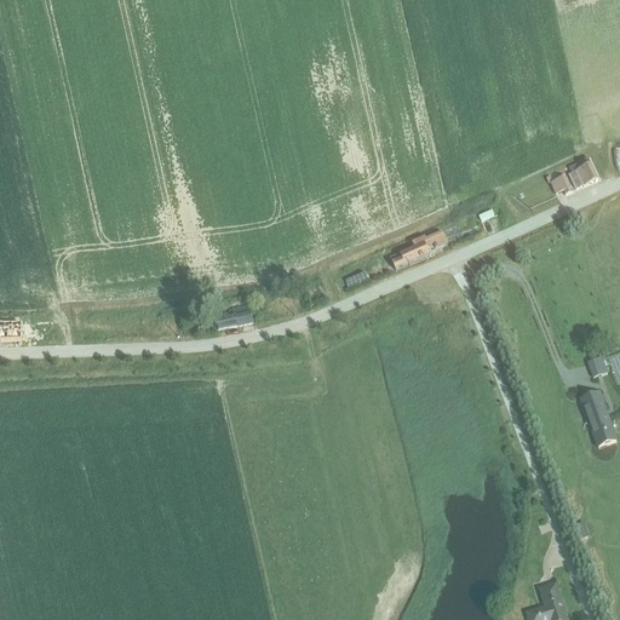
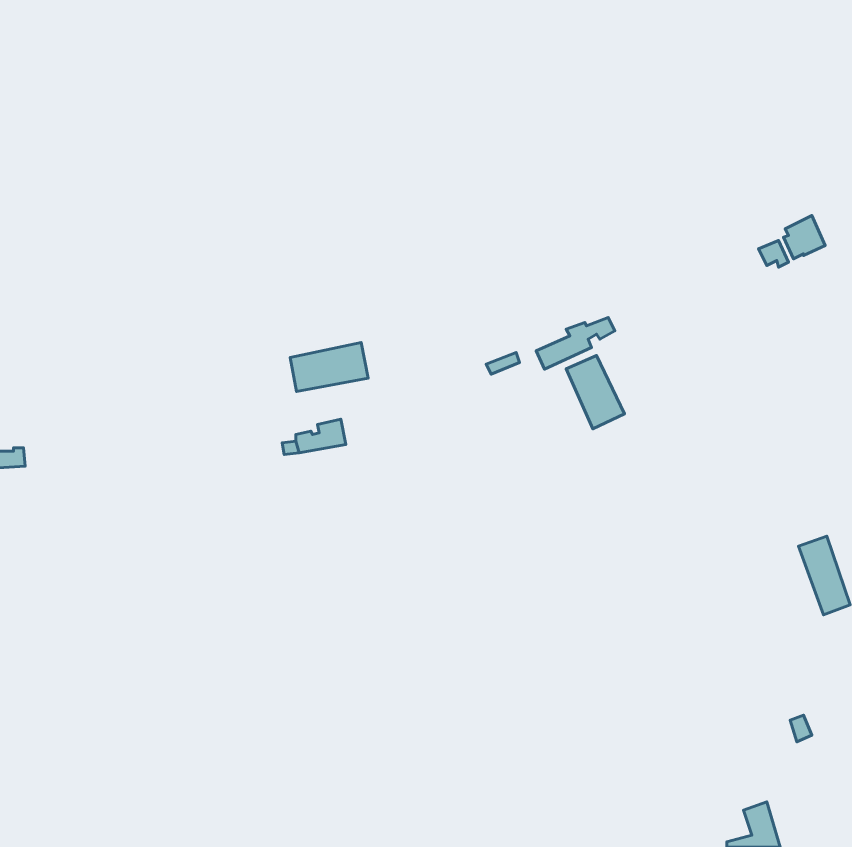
building: none -> [290,343,368,392]
building: none -> [566,355,625,429]

